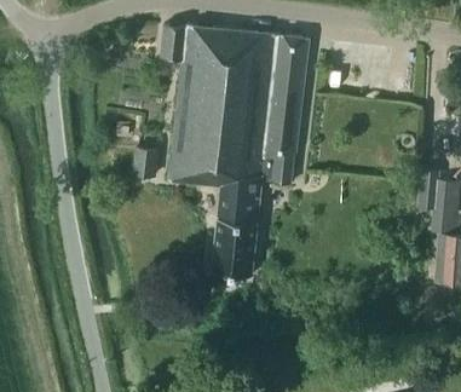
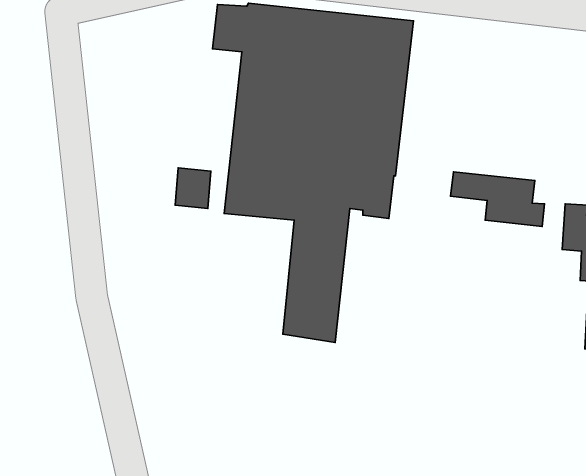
building: none -> [451,172,545,227]

